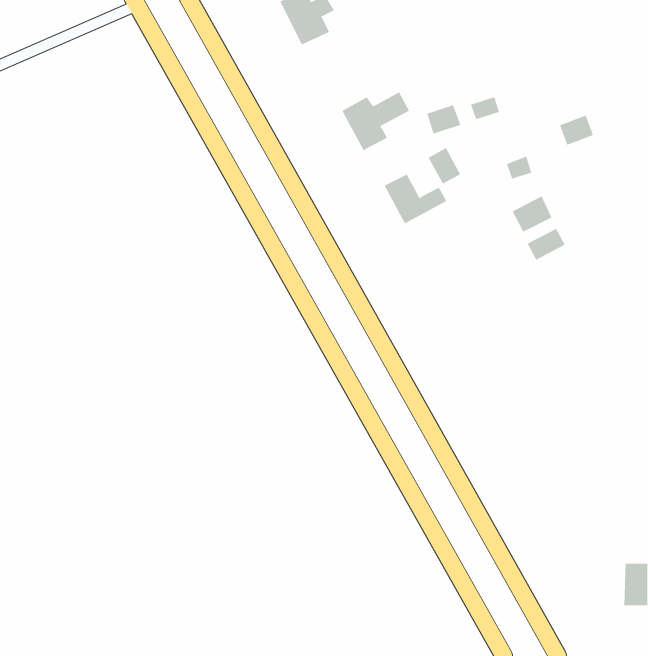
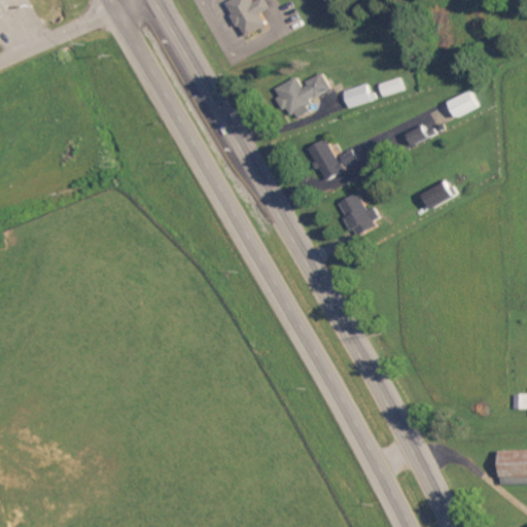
building: [428,147,461,185] -> none
building: [512,196,552,233] -> none
building: none -> [338,194,379,237]

